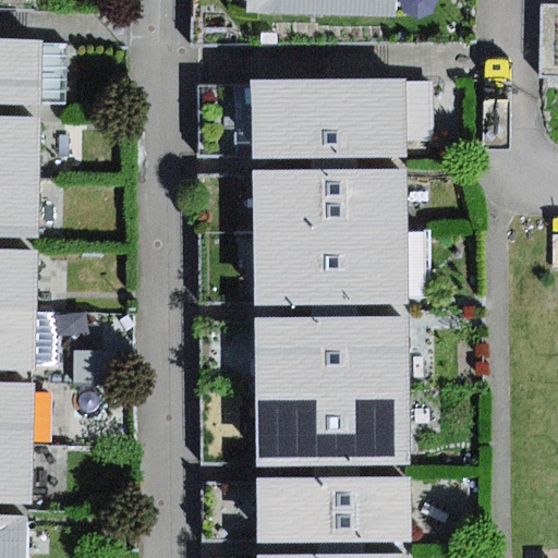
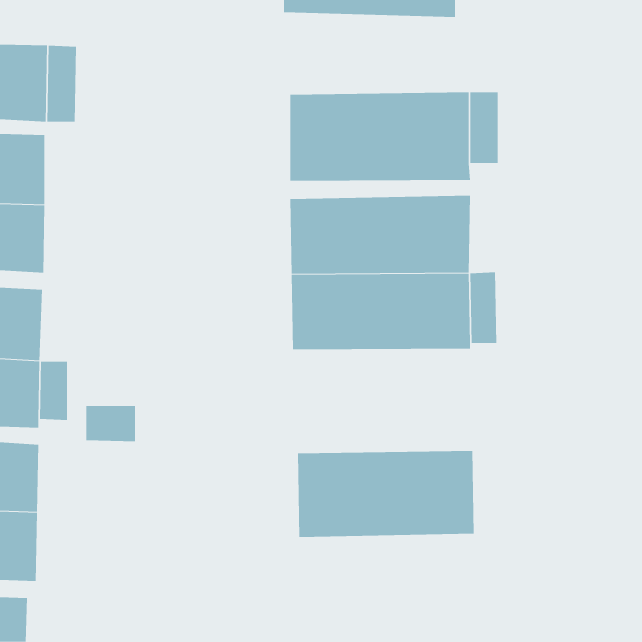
building: [256,318,410,392] -> none
building: [255,475,410,541] -> none

